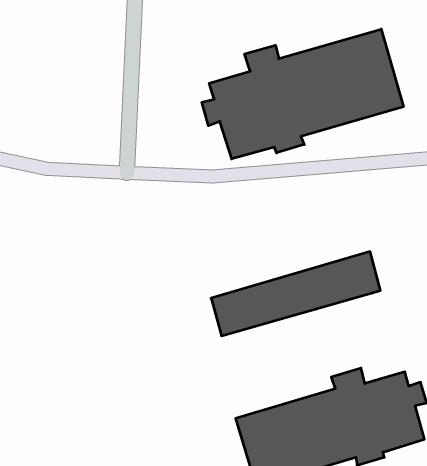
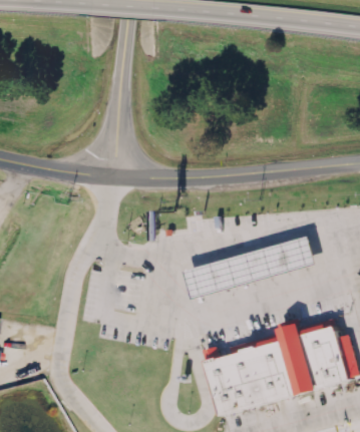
building: [202,29,403,159] -> none

